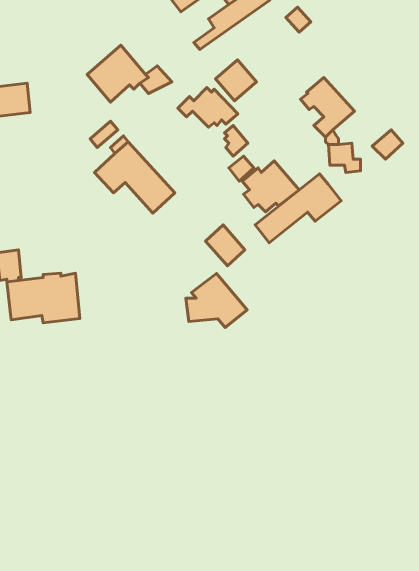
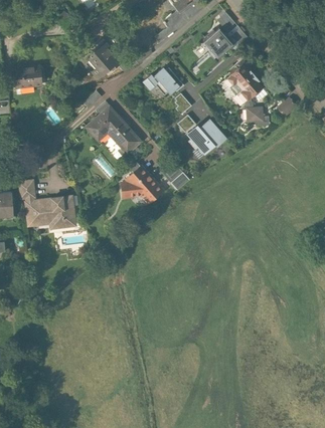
building: [215,60,256,101] -> [204,26,232,54]
building: [255,174,341,243] -> none
building: [186,273,247,327] -> [121,166,163,203]

